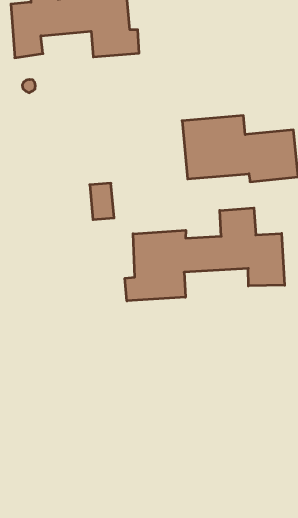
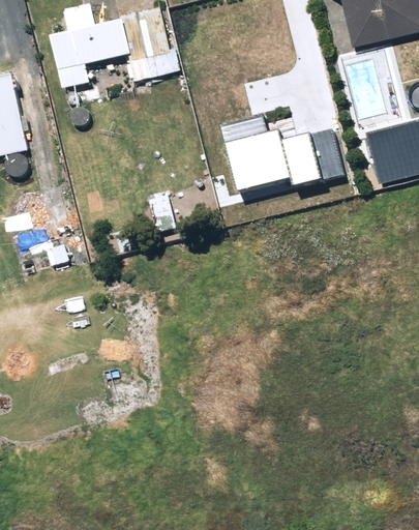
building: [125,208,285,301] -> none

